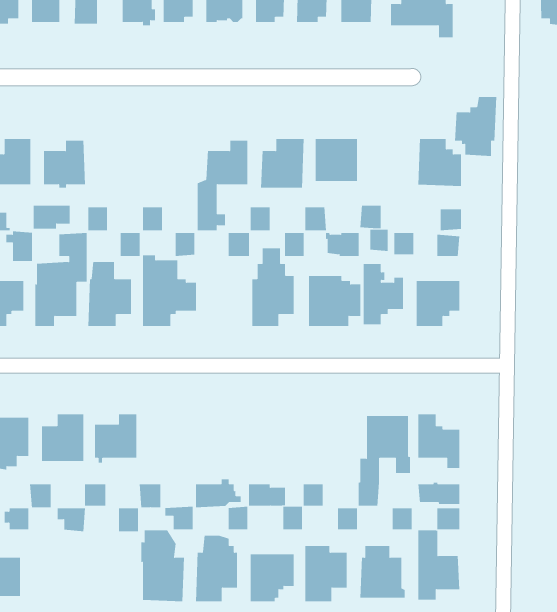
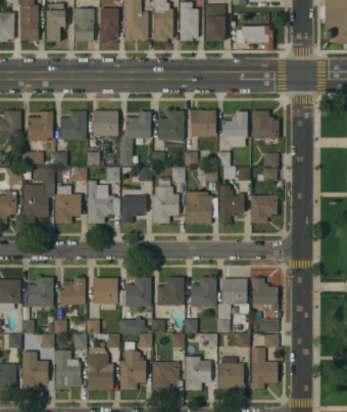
building: [454,97,497,156] -> [222,111,248,147]
building: none -> [61,111,87,142]
building: none -> [93,111,118,137]
building: none -> [121,189,146,223]
building: none -> [157,275,184,304]
building: none -> [190,275,216,305]
building: none -> [92,276,117,302]
building: none -> [125,276,151,305]
building: none -> [54,349,81,387]
building: none -> [21,350,47,388]

